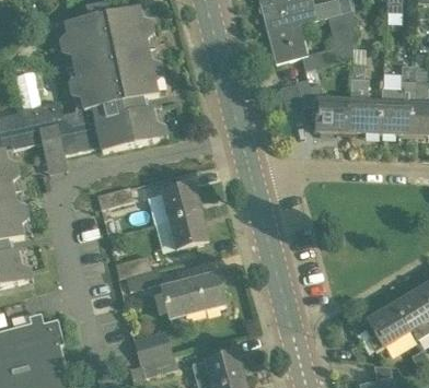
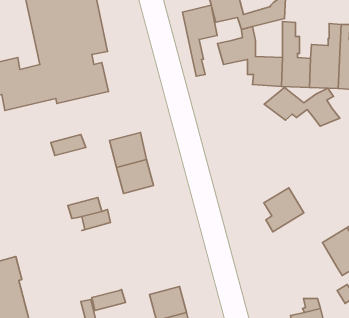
building: none -> [182,5,217,76]
building: none -> [264,88,340,126]
building: [161,272,225,319] -> none
building: [366,303,409,351] -> [264,188,304,232]
building: [132,331,171,363] -> none

